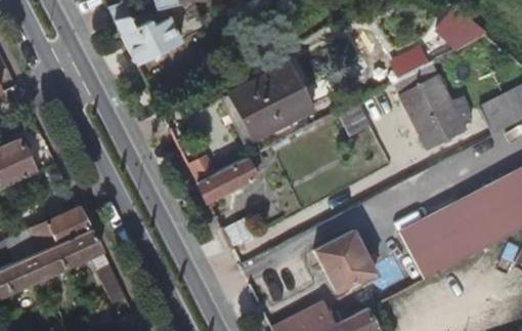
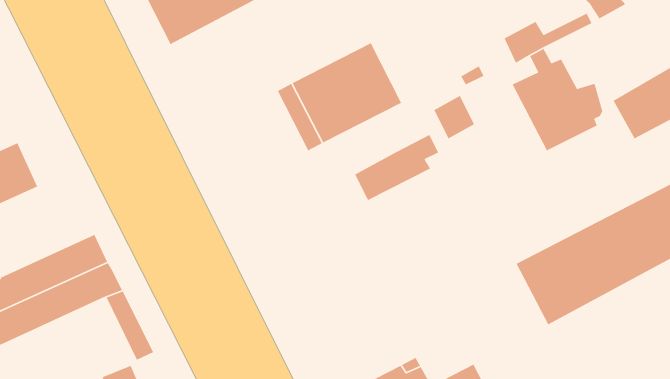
building: [200,153,264,204] -> [354,134,439,201]
building: [315,230,378,293] -> none

